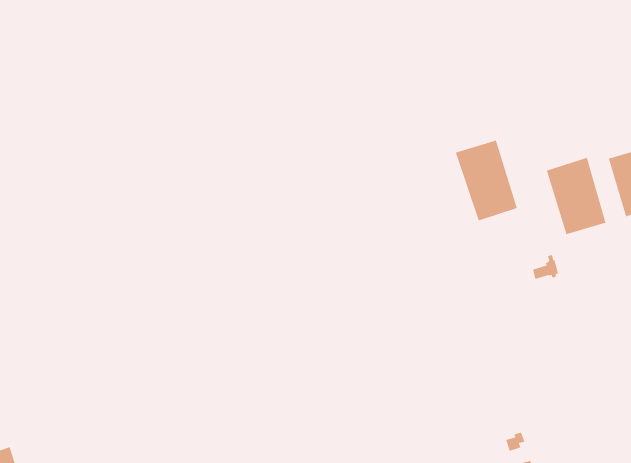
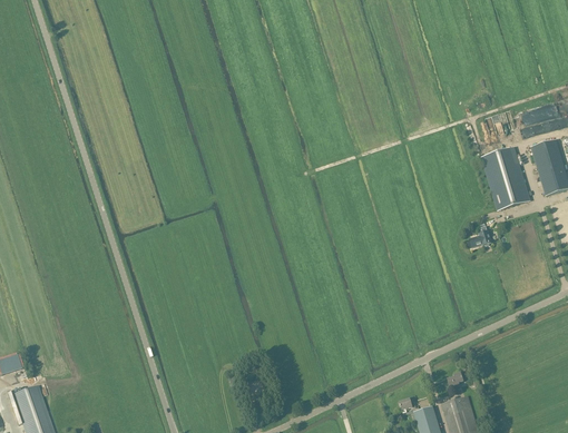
building: [455,140,518,221] -> none

